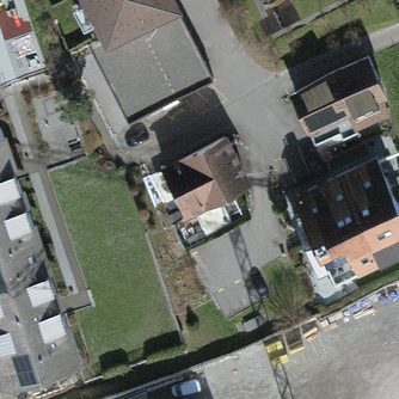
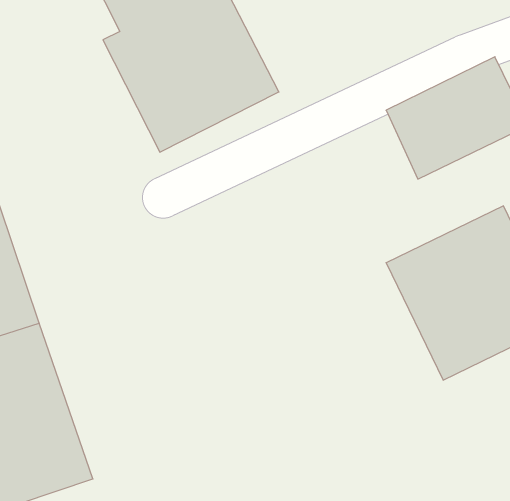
building: [160,131,245,233] -> none

